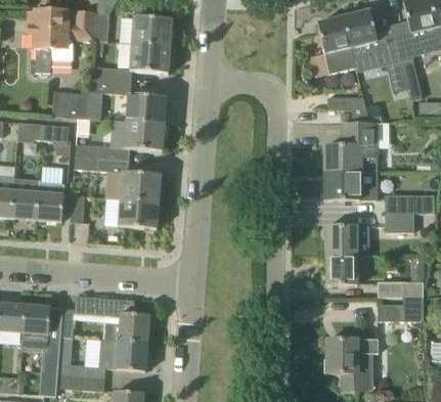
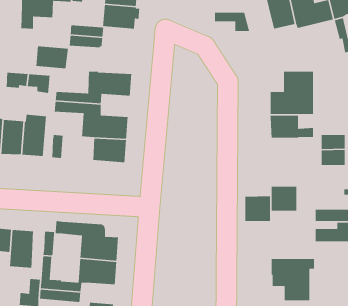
building: [126,93,167,124] -> none
building: [327,97,369,121] -> [214,12,250,32]
building: [324,224,357,255] -> [243,195,271,222]

